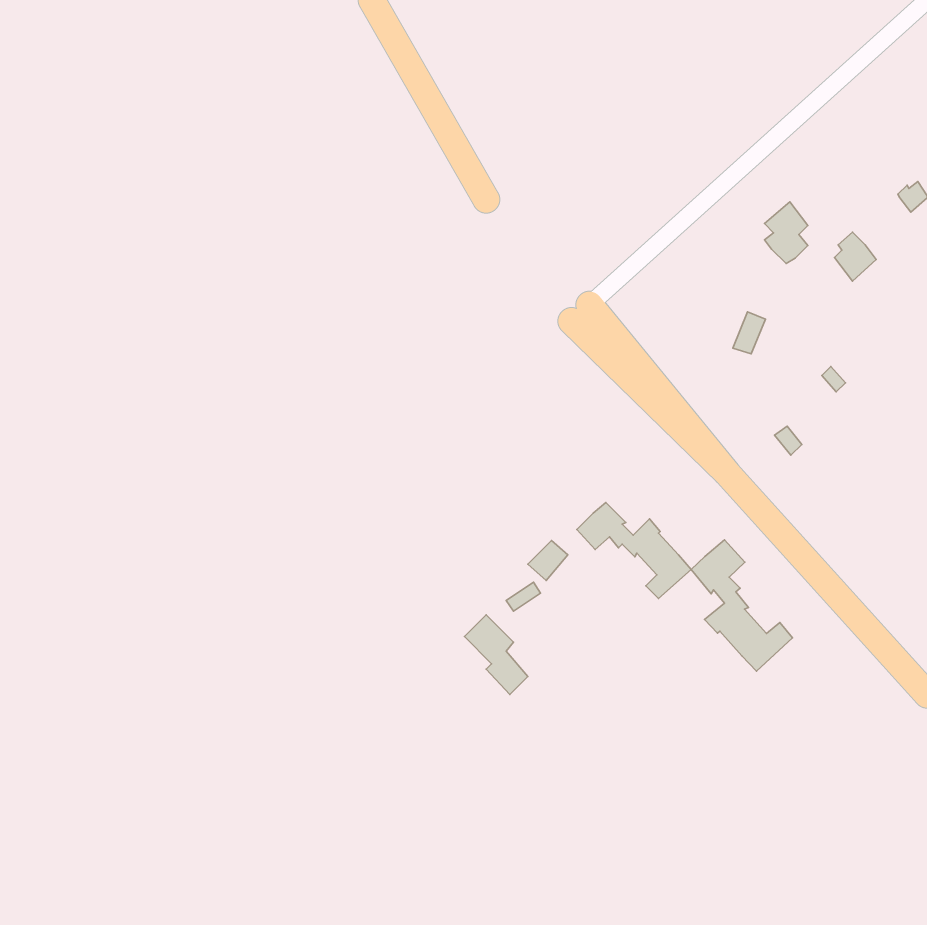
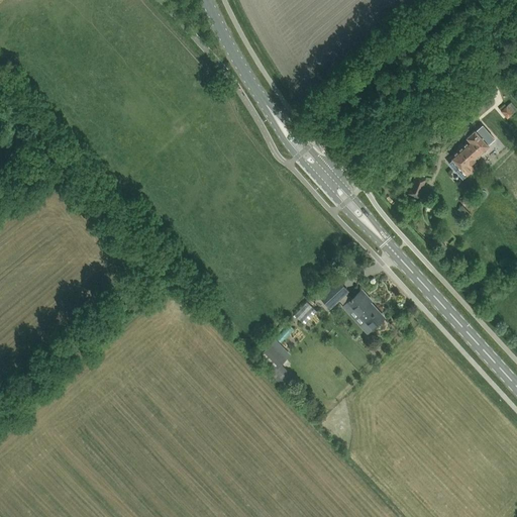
building: [764,202,808,264] -> [450,144,475,179]
building: [691,540,792,671] -> none

